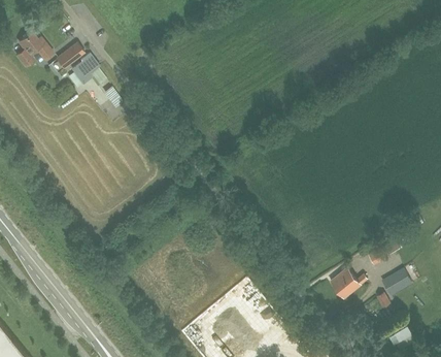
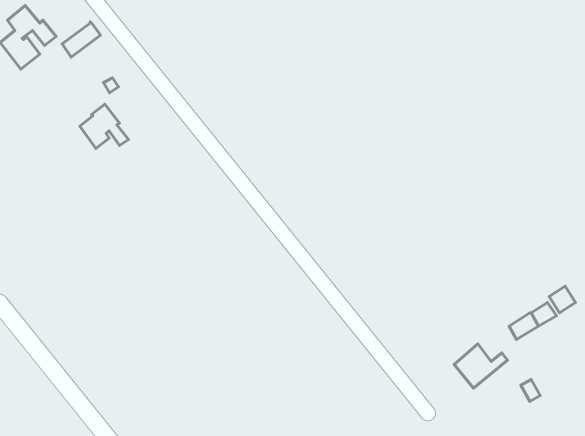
building: [71,56,105,87] -> [80,104,129,148]
building: [382,271,411,297] -> none

